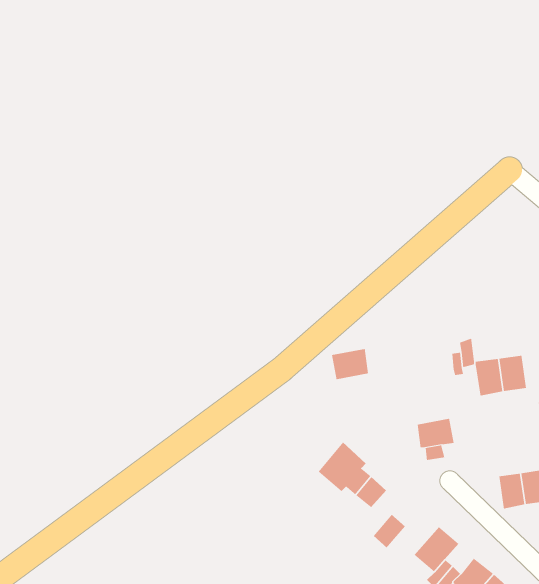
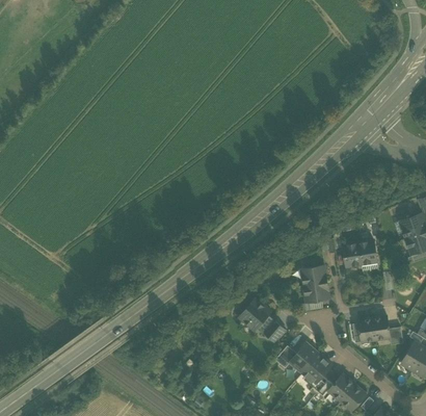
building: [331,348,369,380] -> [301,265,326,286]
building: none -> [290,343,319,372]

